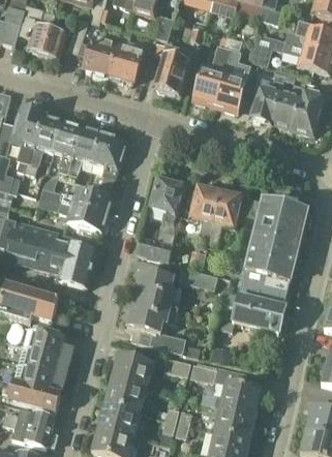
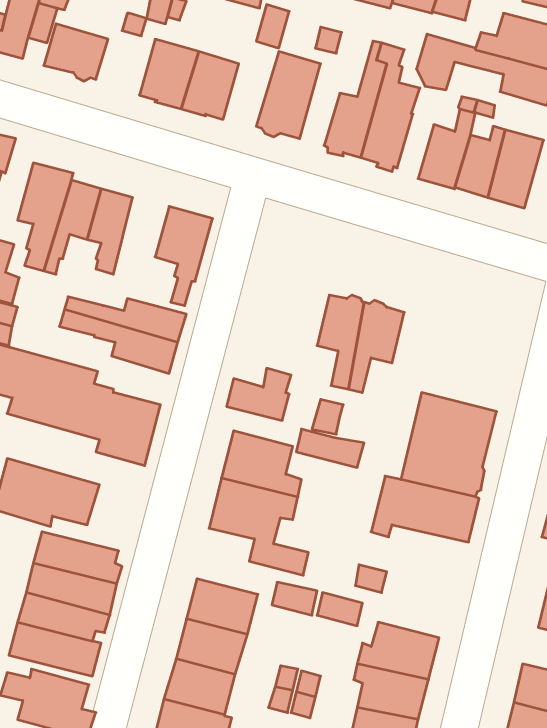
building: [68,128,101,176] -> none
building: [149,176,183,220] -> none
building: [251,199,307,255] -> none

